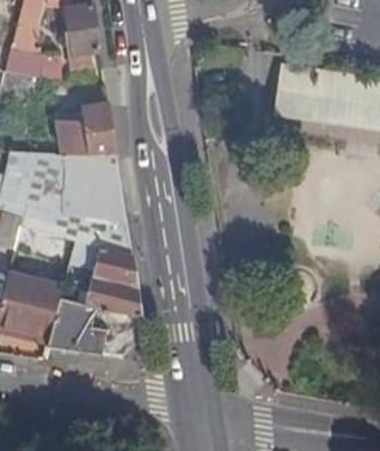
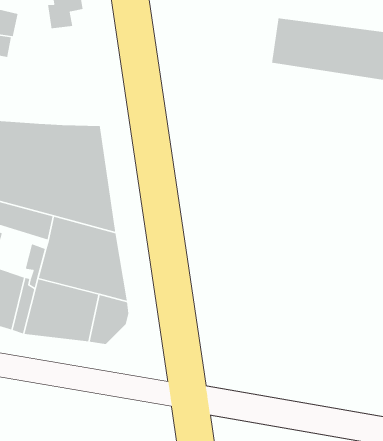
building: [56,106,117,160] -> none

